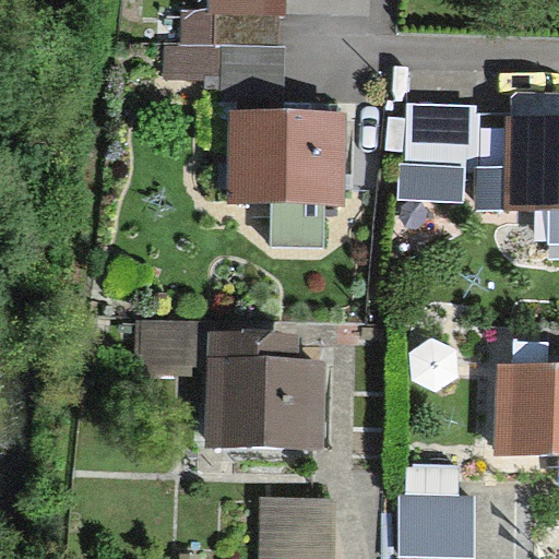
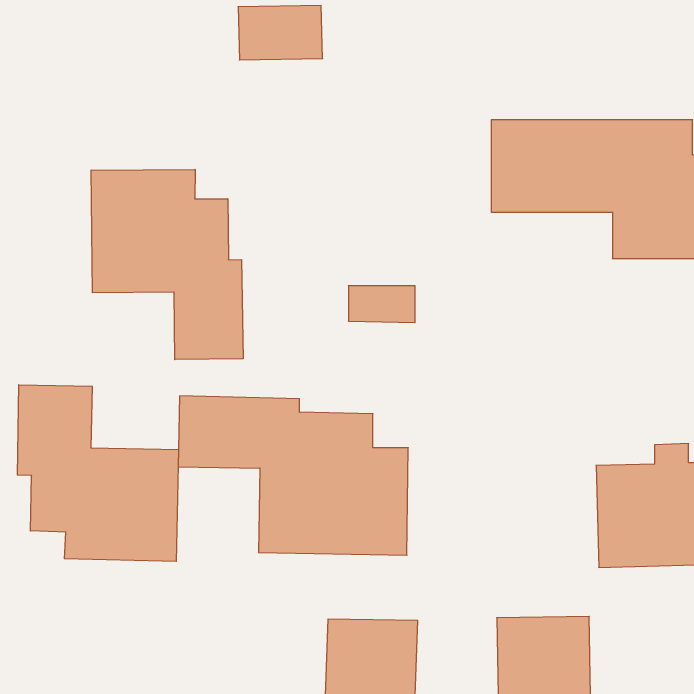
building: [214,118,325,209] -> none
building: none -> [91,169,243,360]
building: none -> [17,385,178,561]

